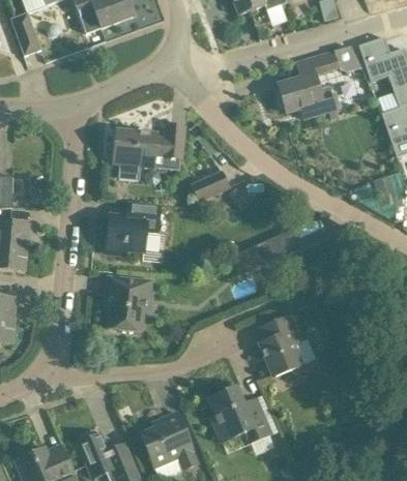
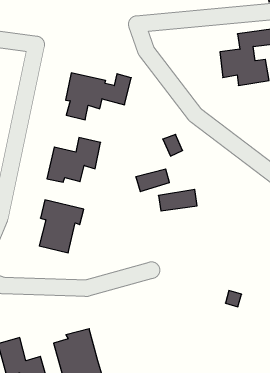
building: [193,171,231,200] -> [136,169,169,192]
building: [258,313,317,375] -> none
building: [210,386,271,444] -> none

